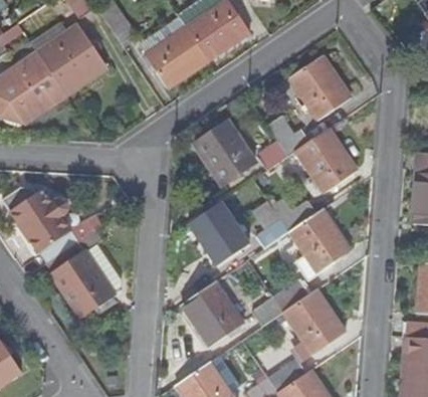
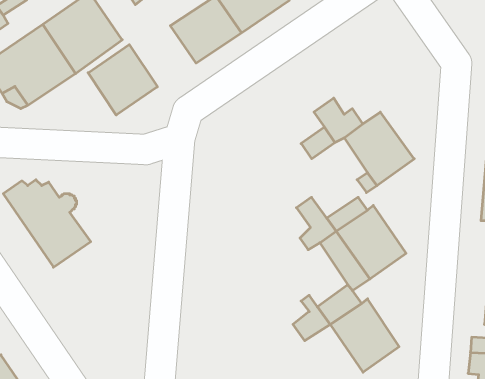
building: [291,55,350,118] -> none
building: none -> [88,45,157,115]
building: [195,122,256,184] -> none
building: [189,203,249,265] -> none
building: [46,232,114,314] -> none
building: [182,282,243,347] -> none

